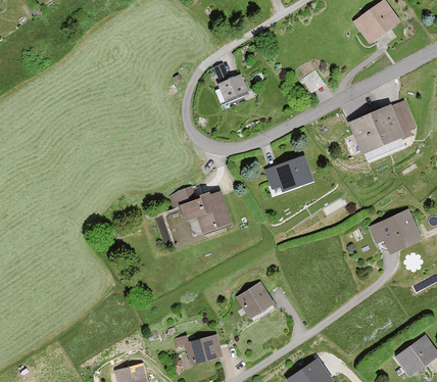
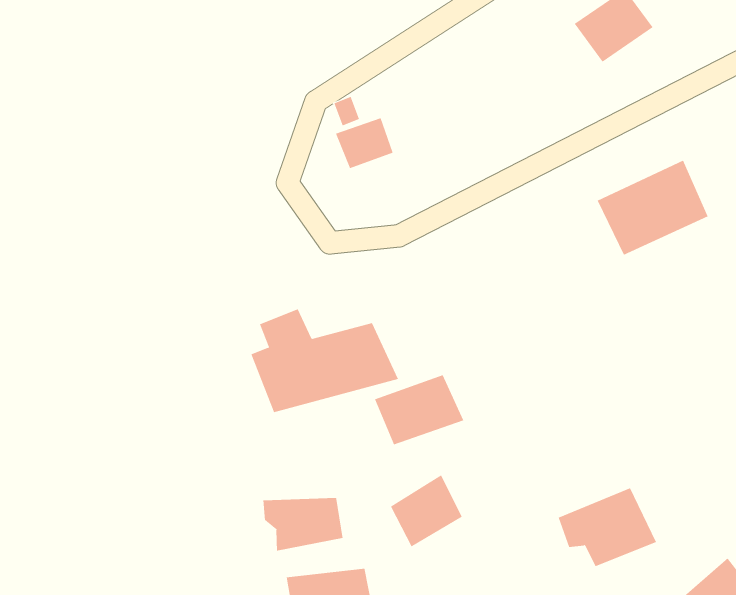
building: [271,155,323,196] -> [374,374,464,445]
building: [374,207,431,253] -> [558,487,657,567]
building: none -> [263,497,343,552]

